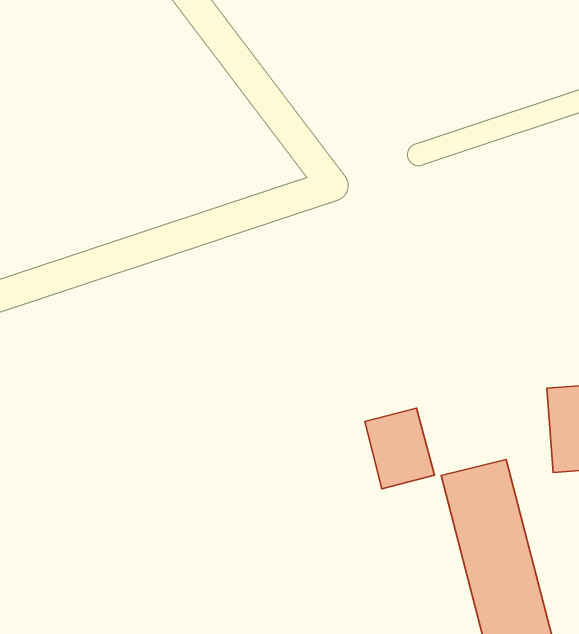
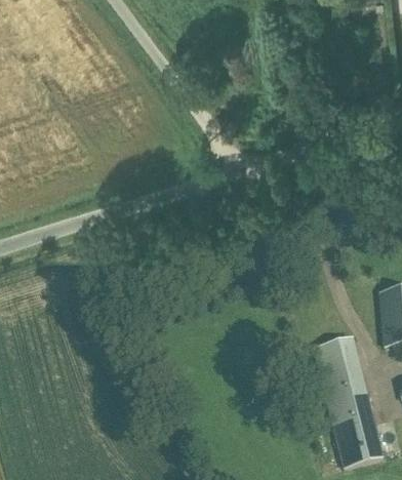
building: [365,408,435,489] -> none

